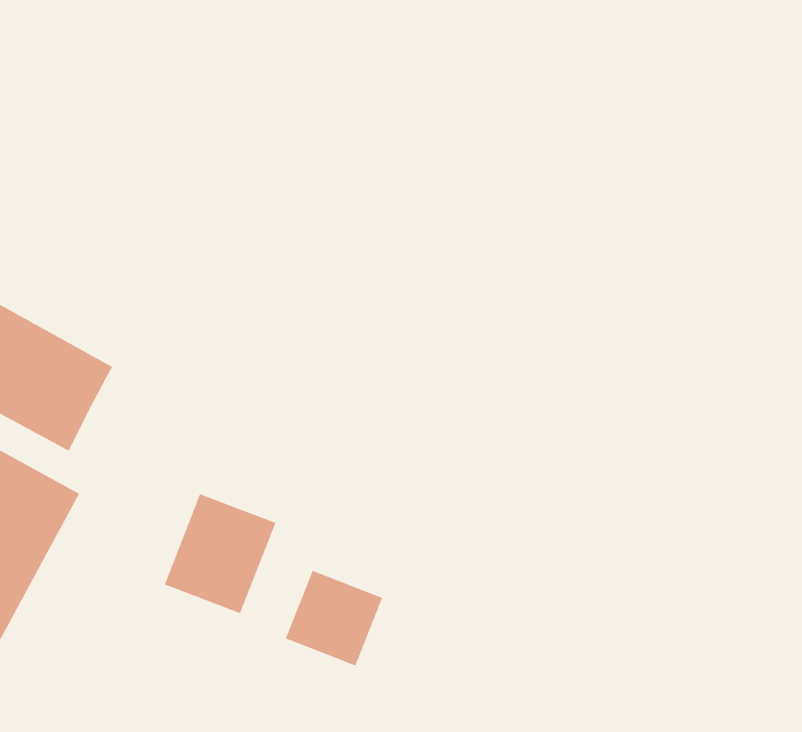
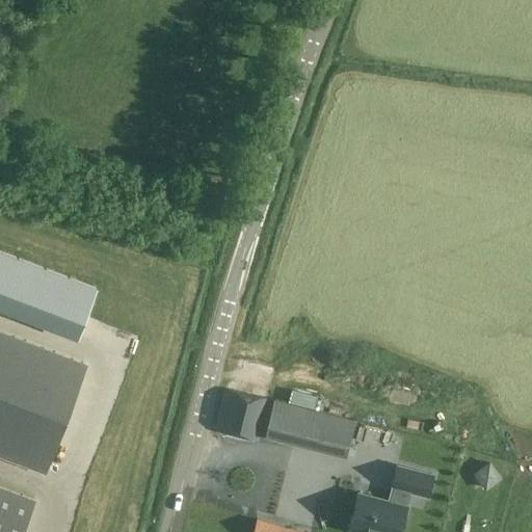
building: [164,493,276,614] -> none
building: none -> [264,401,352,458]

